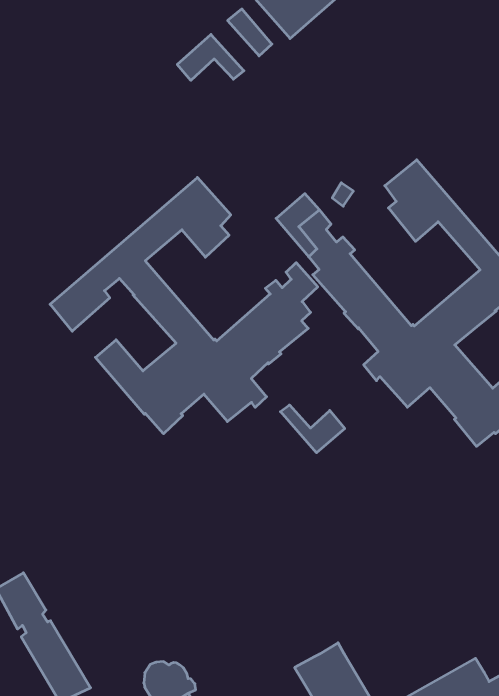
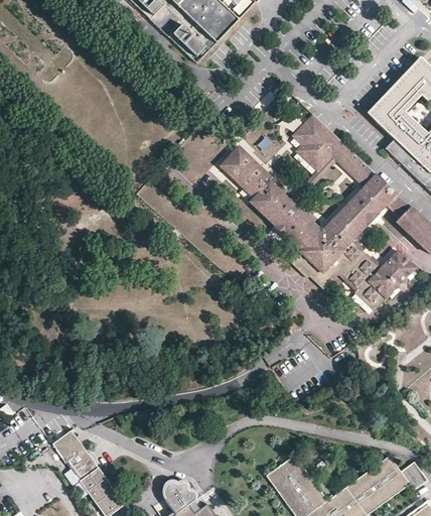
building: [177,34,244,80] -> none
building: [50,177,318,434] -> none
building: [280,405,345,453] -> none

